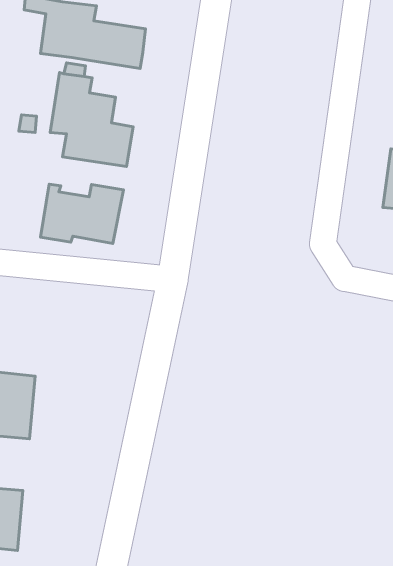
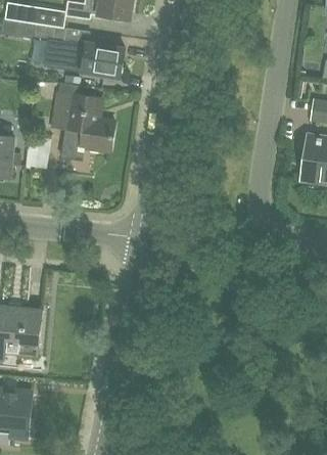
building: [41,184,123,244] -> none

